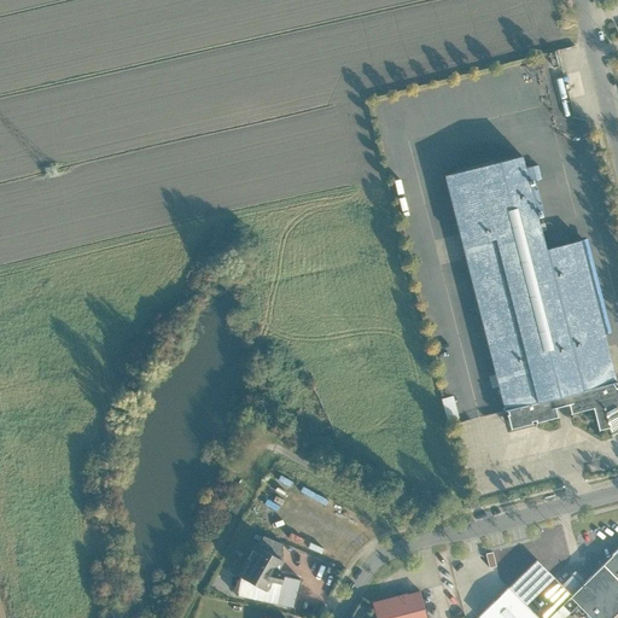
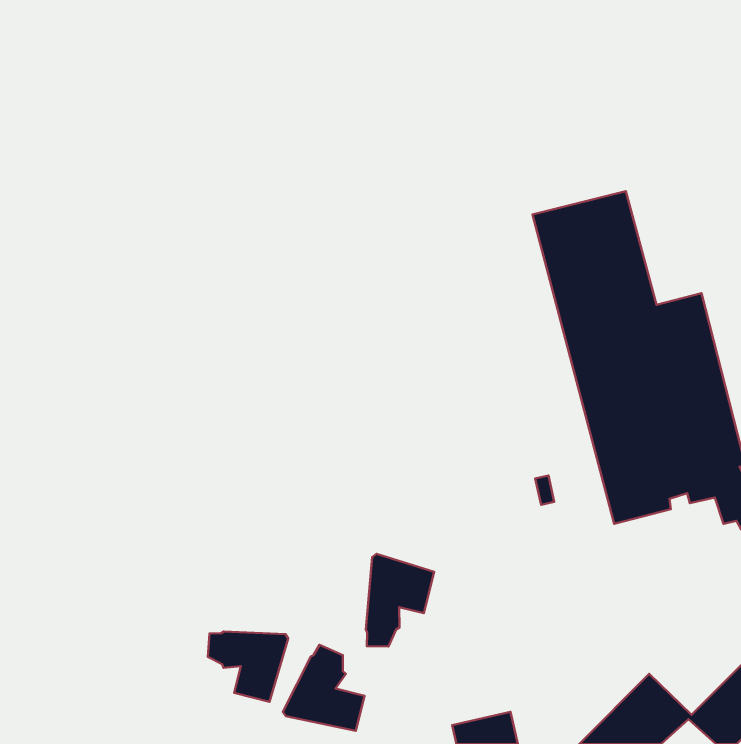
building: none -> [366,554,434,646]
building: none -> [208,632,288,702]

